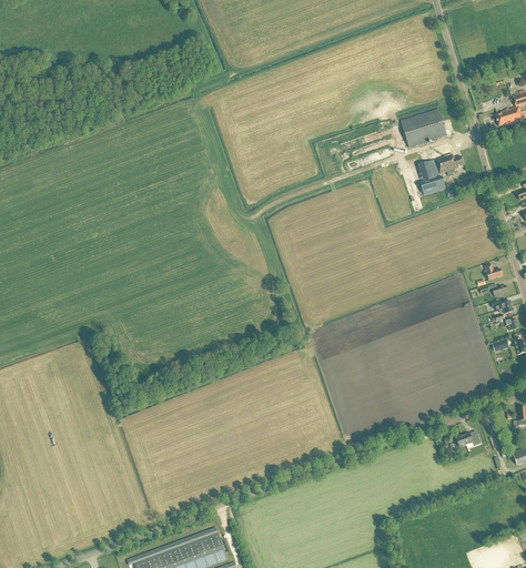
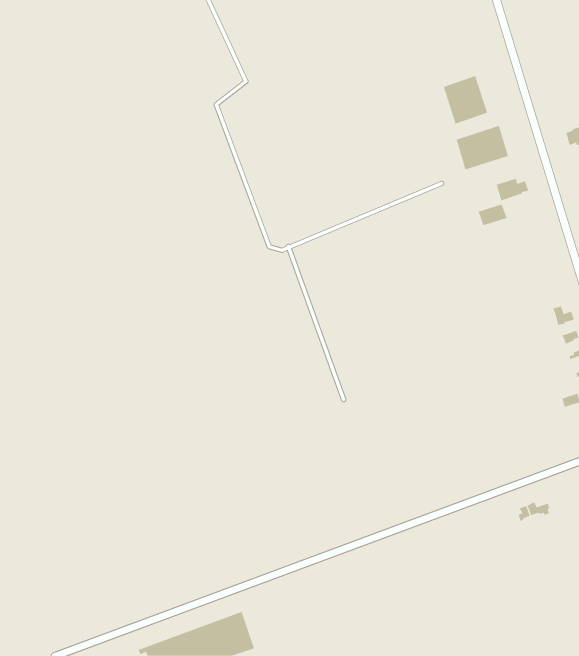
building: none -> [443,75,488,124]

